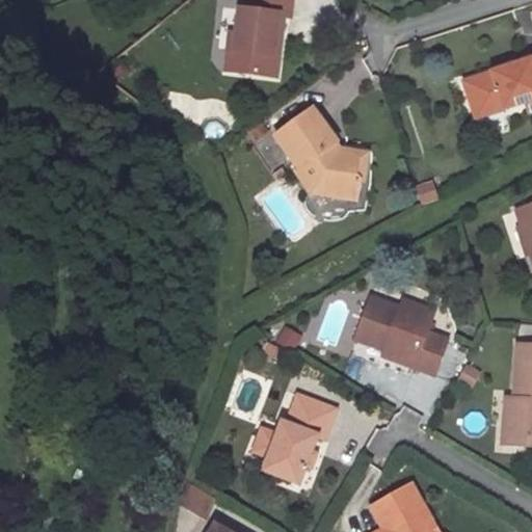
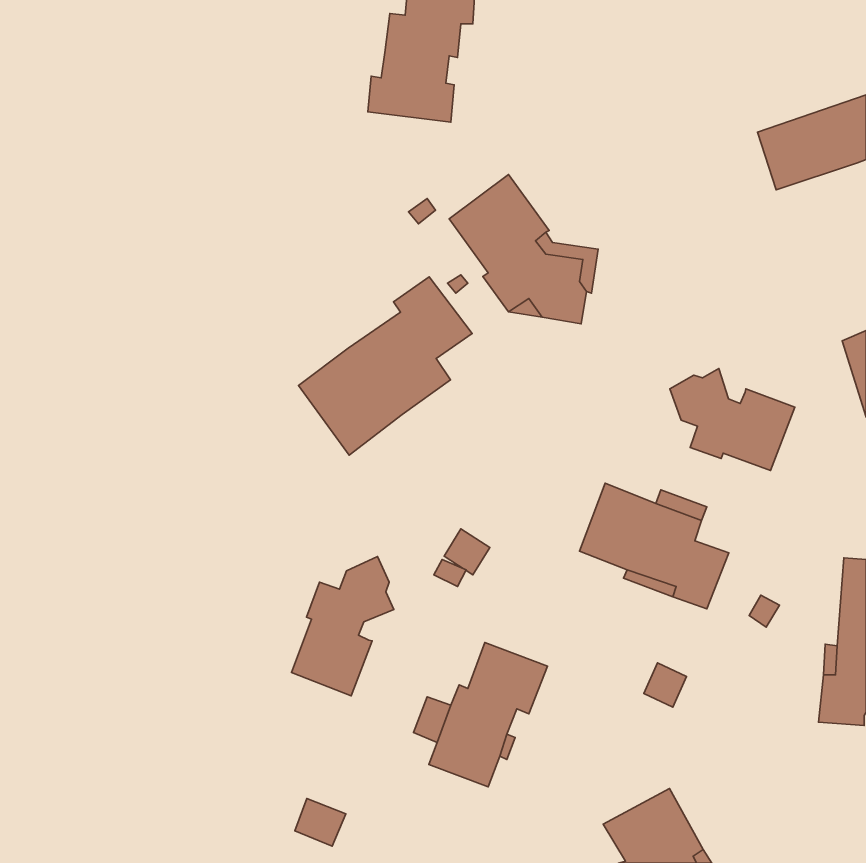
building: none -> [299,277,472,455]
building: none -> [670,368,795,471]
building: none -> [291,557,394,696]

